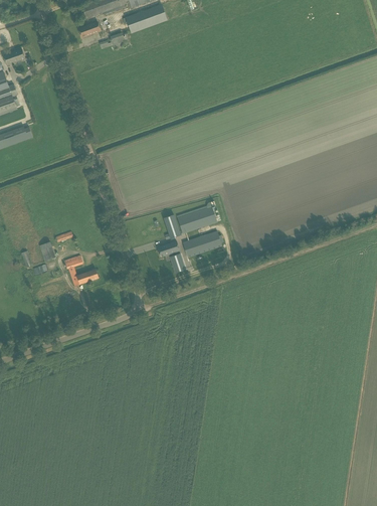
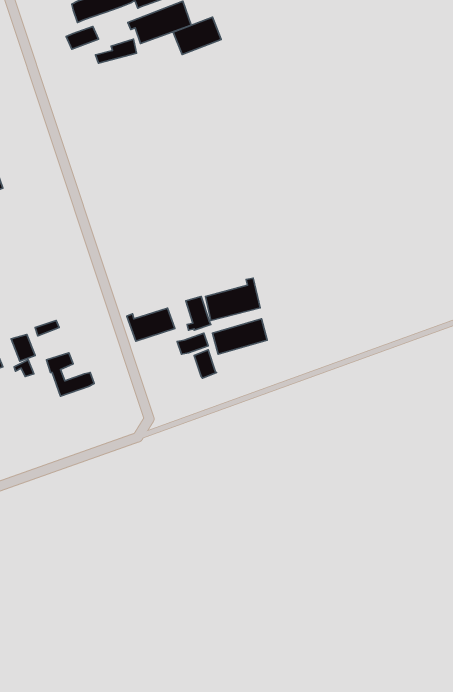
building: none -> [173,17,221,54]
building: none -> [127,308,175,341]

